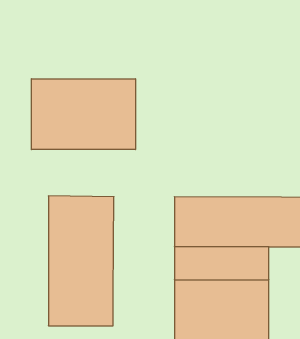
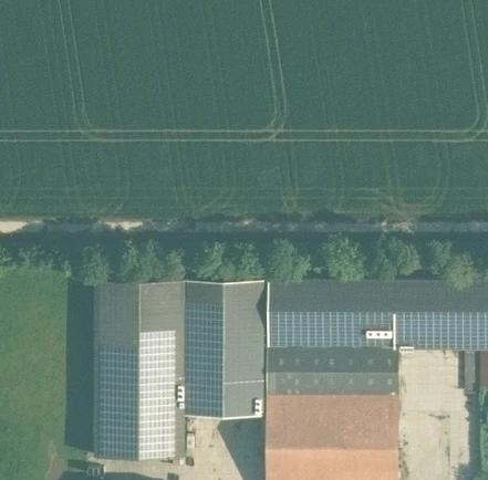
building: [31,79,135,150] -> none
building: none -> [184,281,268,416]

